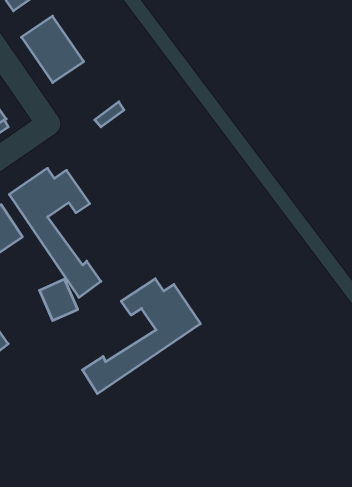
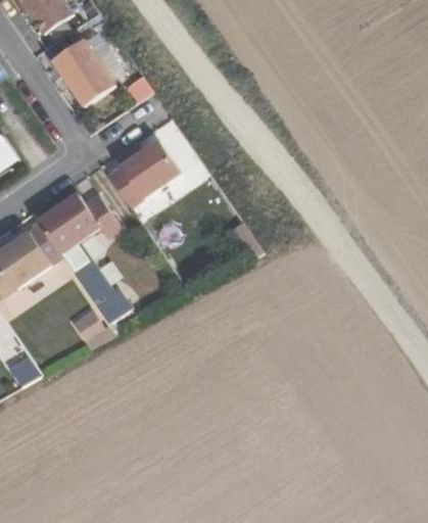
building: none -> [105,142,178,208]
building: [82,279,200,394] -> none

